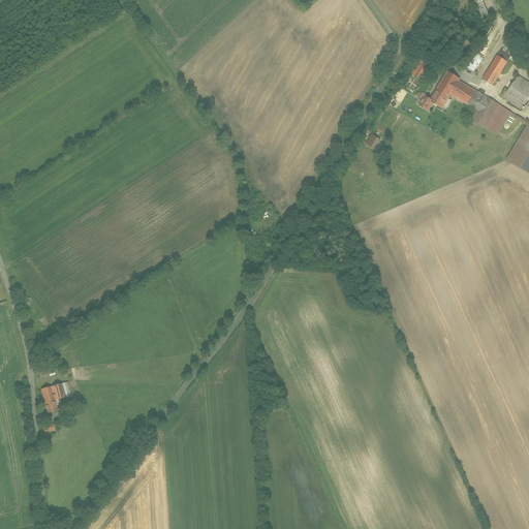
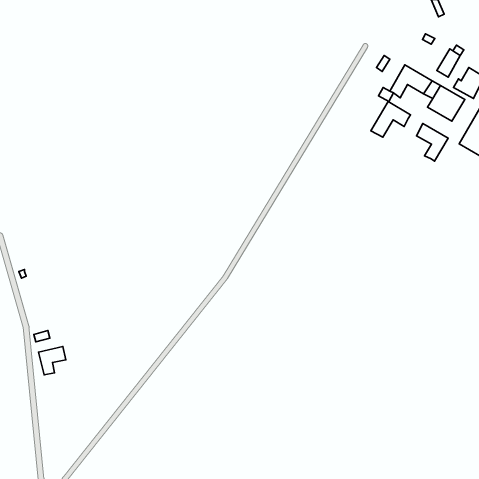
building: none -> [371,101,411,137]
building: none -> [416,124,448,161]

